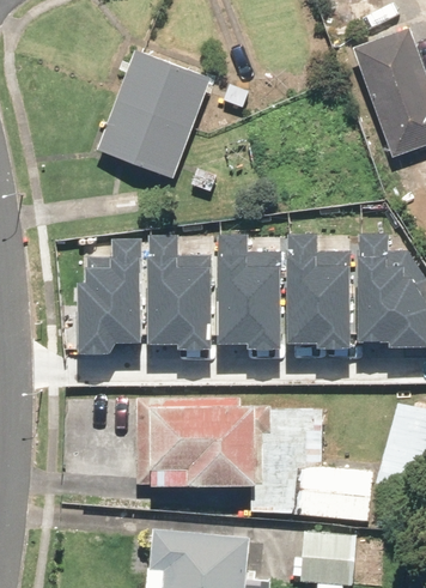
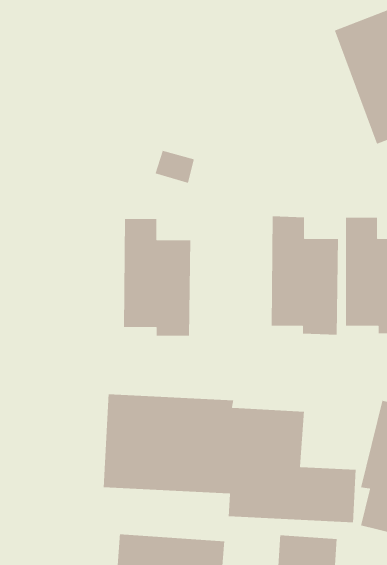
building: [92,51,211,183] -> none
building: [219,229,284,341] -> none
building: [83,235,144,346] -> none

